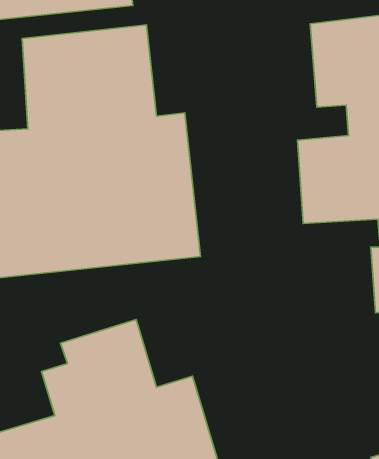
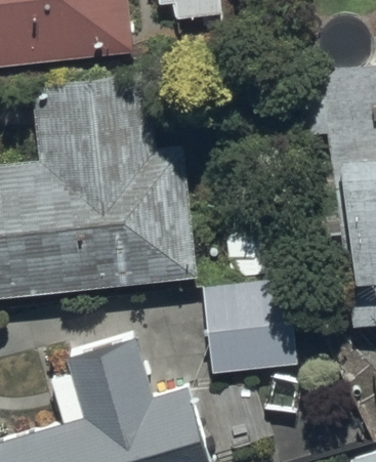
building: none -> [203,237,299,379]

